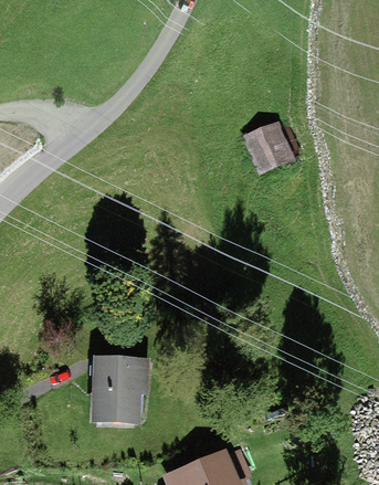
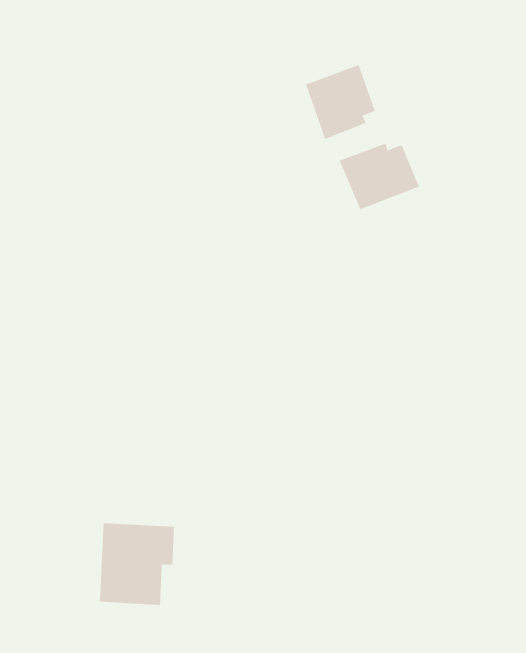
building: none -> [306,64,376,140]

